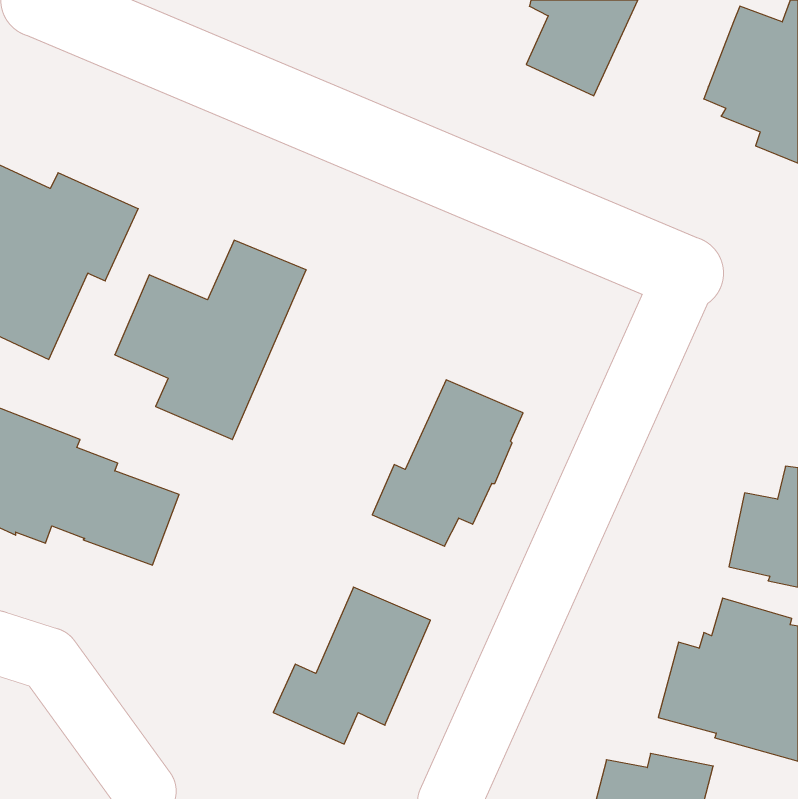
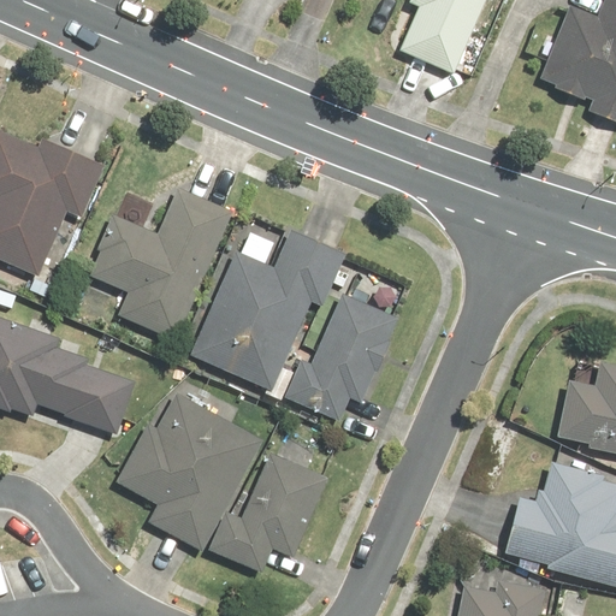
building: none -> [191,226,348,391]
building: none -> [116,392,265,551]

